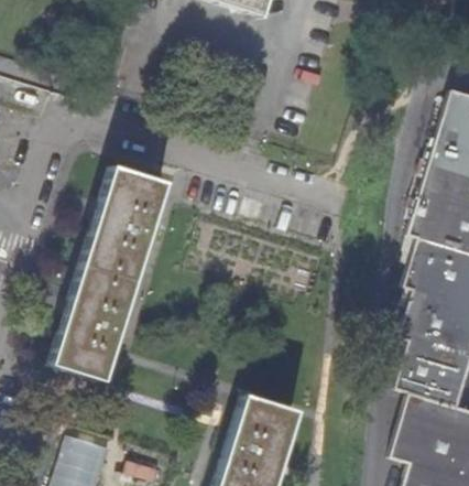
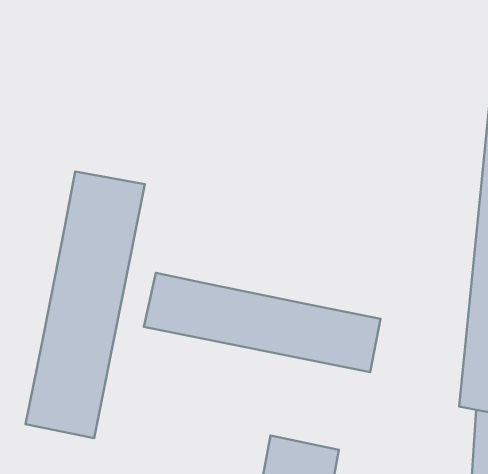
building: none -> [144,273,380,372]

